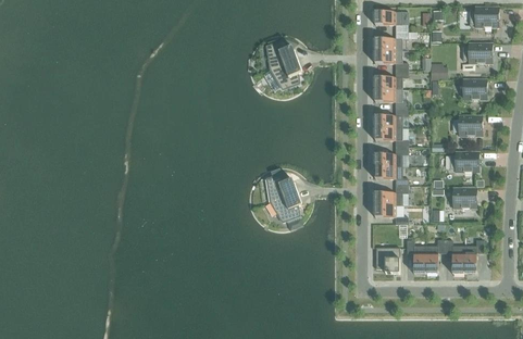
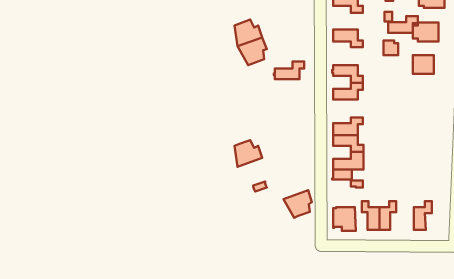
building: [375,32,408,50] -> [388,16,418,33]
building: [374,70,408,89] -> [274,61,304,79]
building: [459,115,482,135] -> none
building: [374,127,408,147] -> none
building: [449,151,478,172] -> none
building: [452,187,476,208] -> none
building: [270,191,301,222] -> [283,190,312,218]
building: [445,235,464,271] -> none

